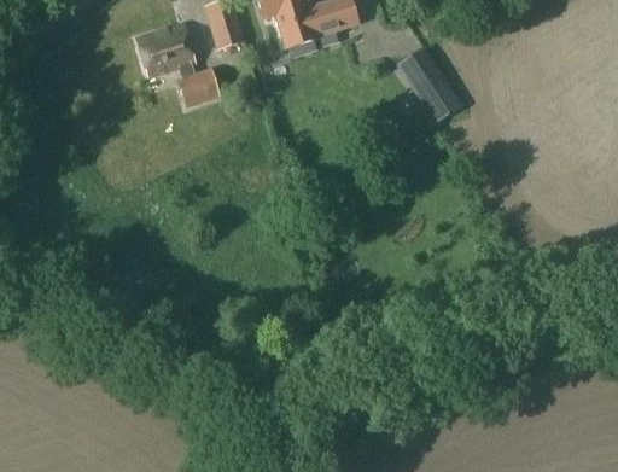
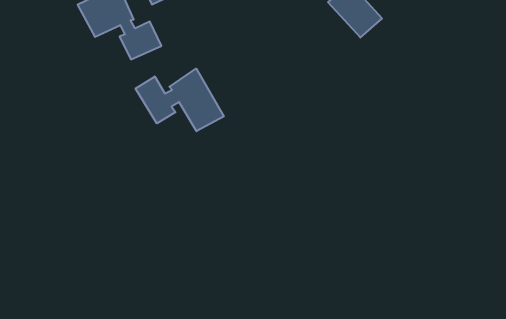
building: none -> [136,69,224,131]

